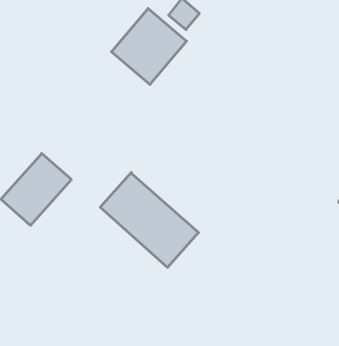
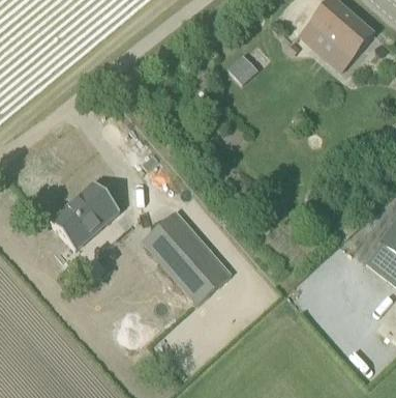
building: [111,8,187,85] -> none

